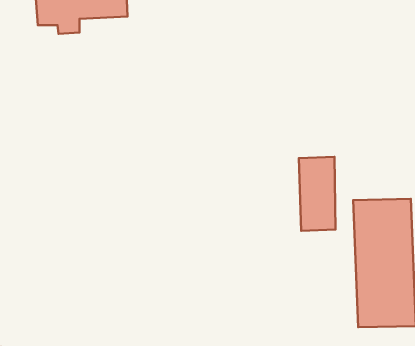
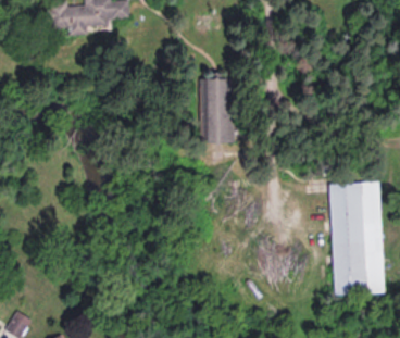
building: [299,157,336,231] -> [200,78,233,143]

